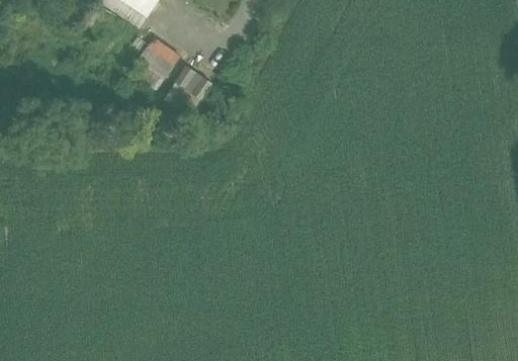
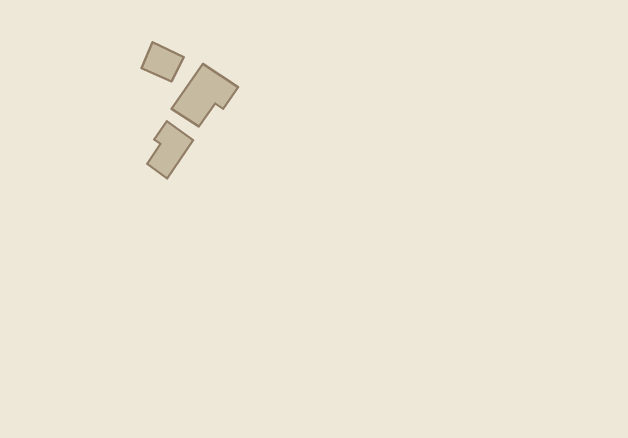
building: none -> [147,121,193,178]

